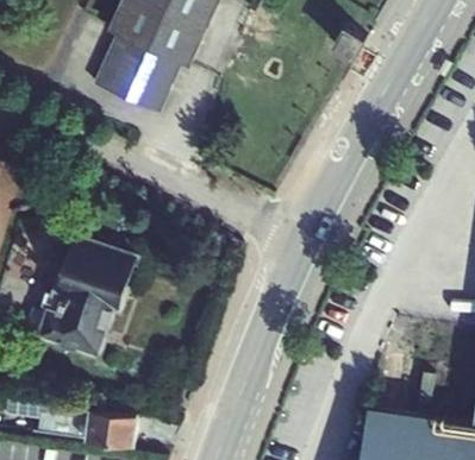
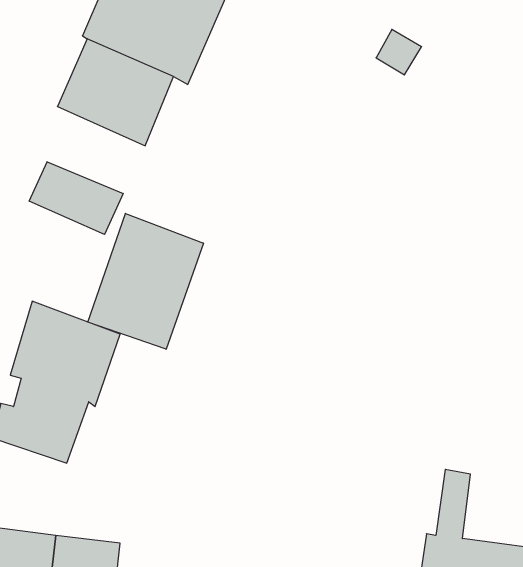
building: none -> [29,162,123,234]
building: none -> [88,213,203,349]

